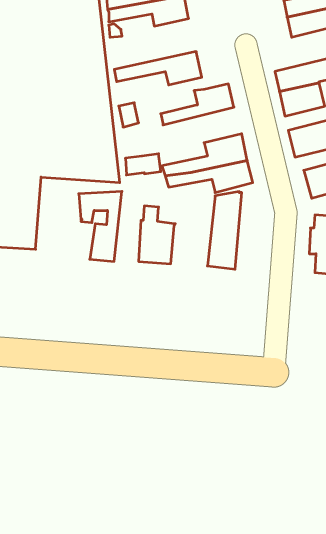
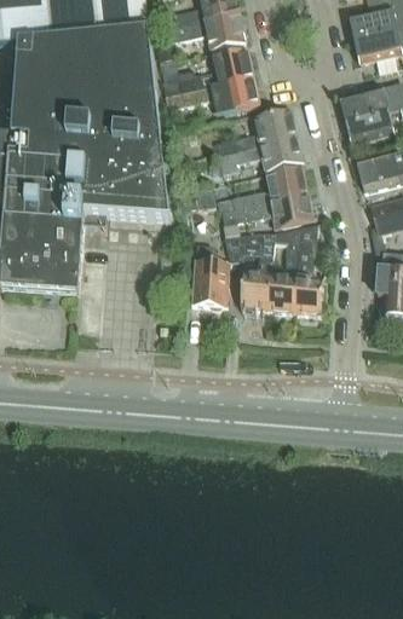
building: none -> [162,48,254,96]
building: none -> [218,137,303,173]
building: [79,191,122,261] -> [228,233,275,310]
building: none -> [297,230,326,316]

